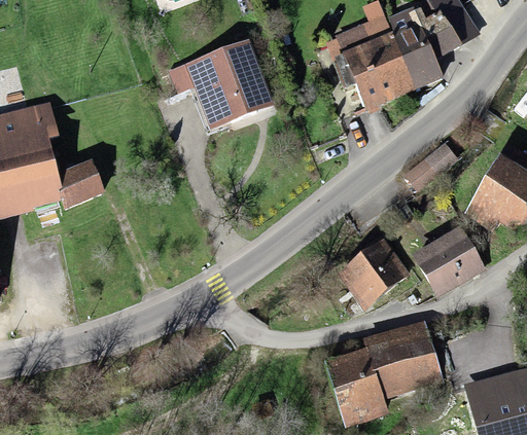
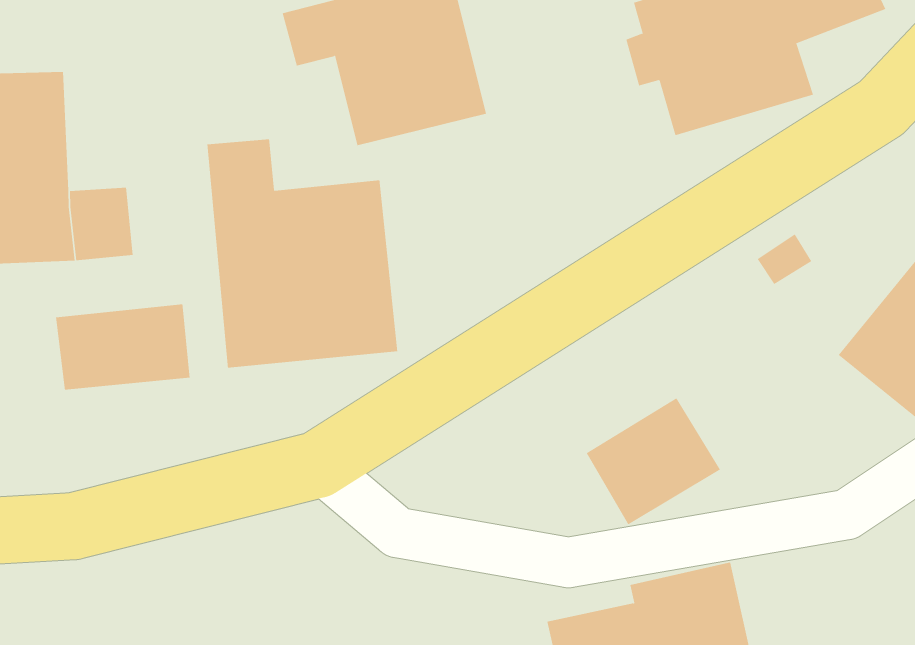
building: none -> [207,139,398,369]
building: none -> [55,304,190,390]
building: [415,230,483,293] -> none

